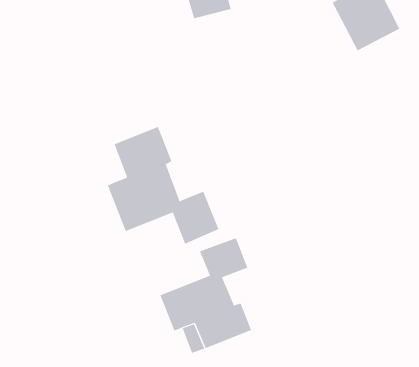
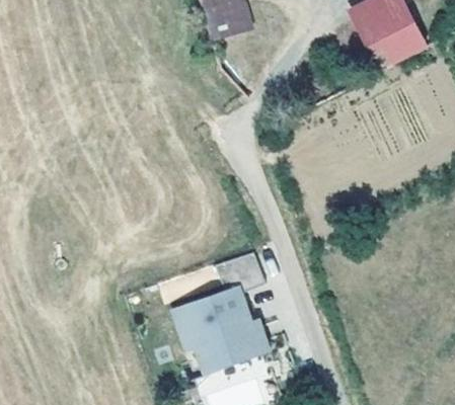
building: [107,126,219,245] -> none

